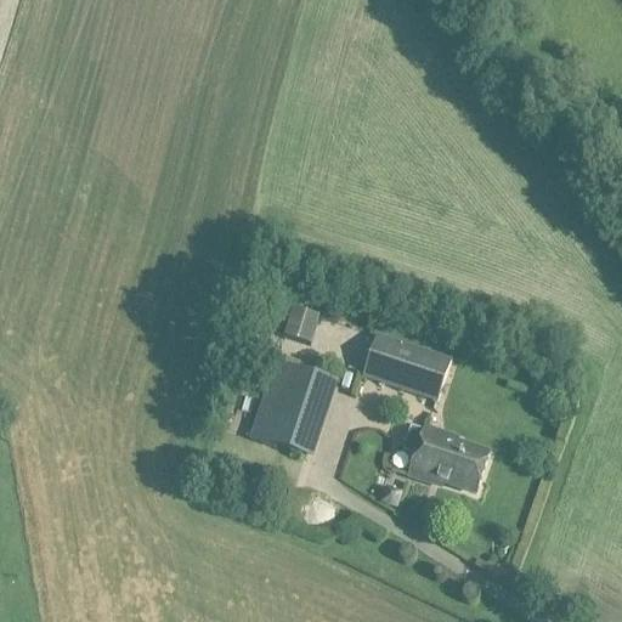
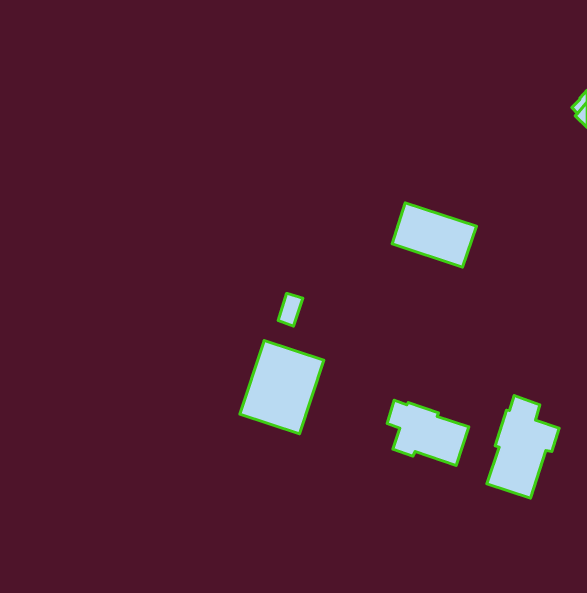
building: [362,330,449,397] -> [392,203,476,267]
building: none -> [487,395,559,498]

